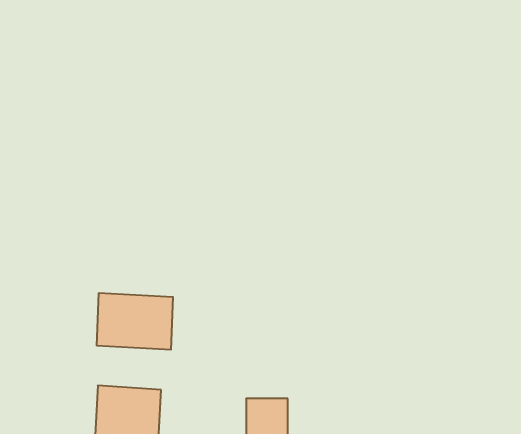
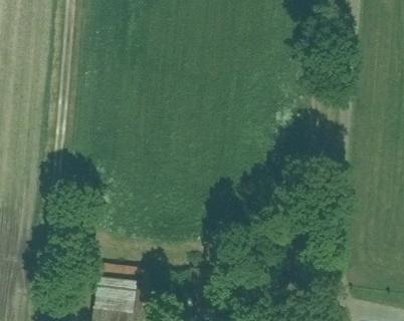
building: [97,293,173,350] -> none

